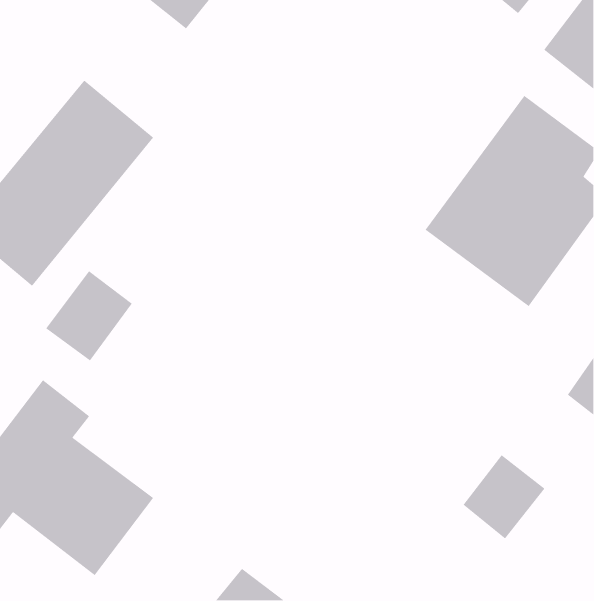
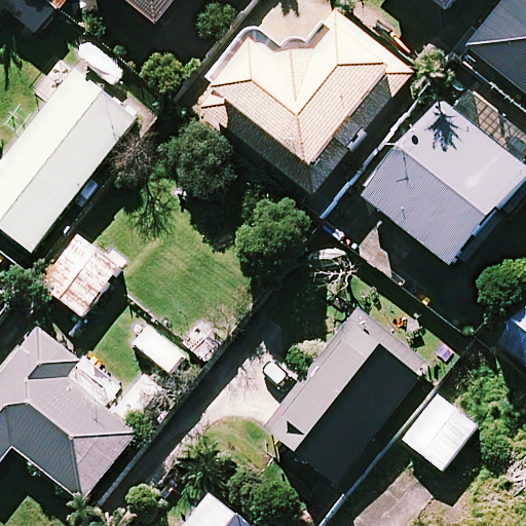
building: none -> [200,13,405,186]
building: none -> [264,316,418,480]

